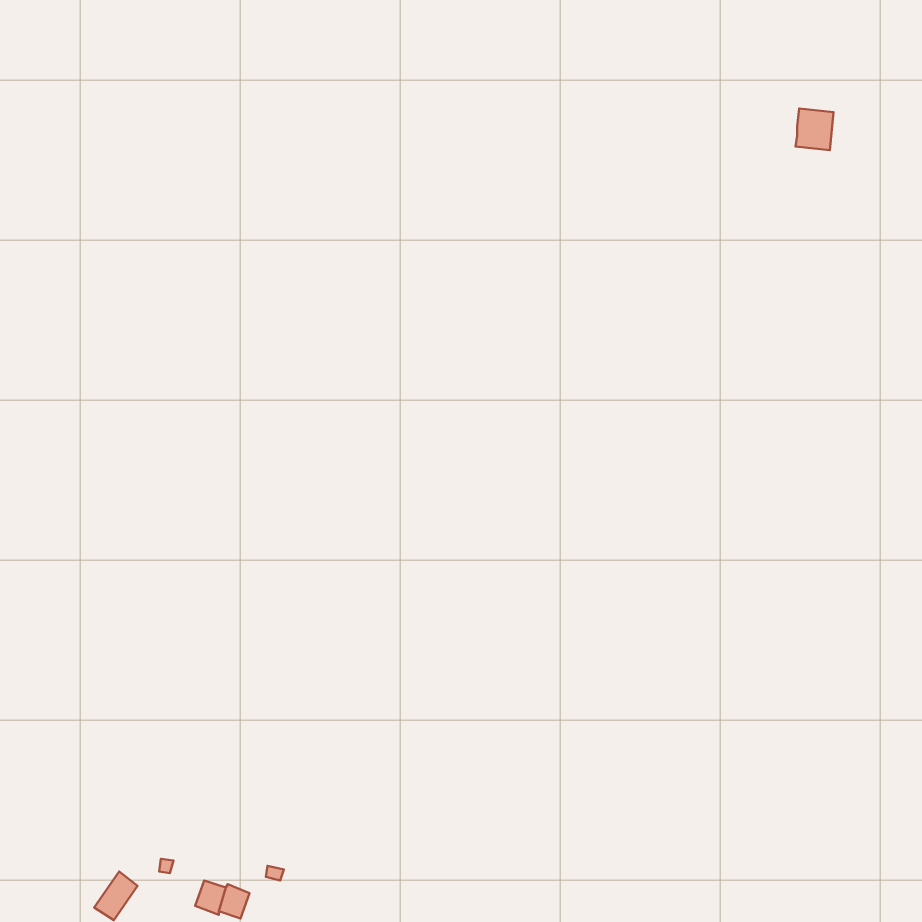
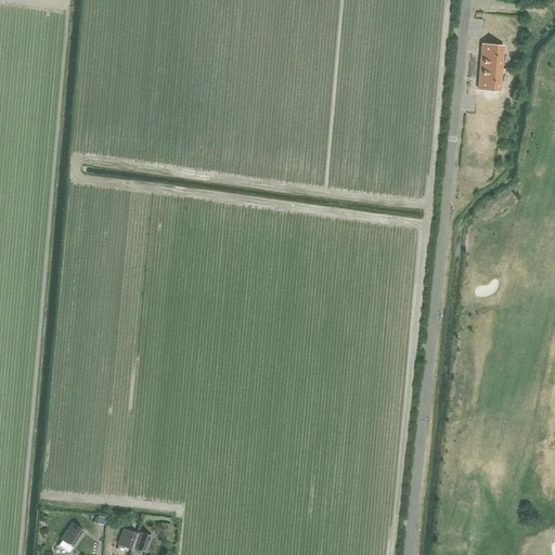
building: none -> [480,42,503,67]

